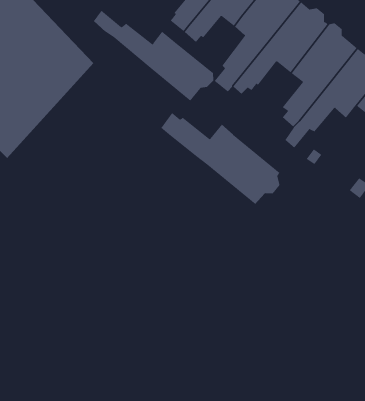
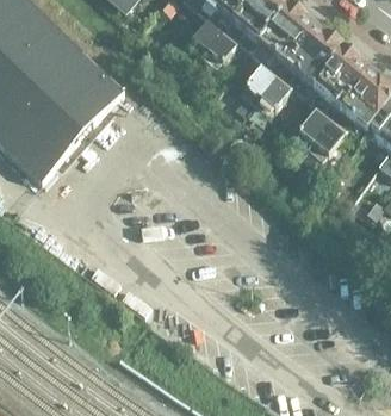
building: [93,10,214,102] -> none
building: [161,112,280,205] -> none

